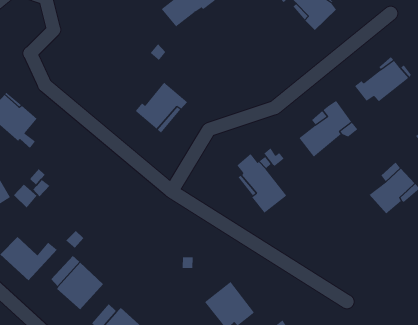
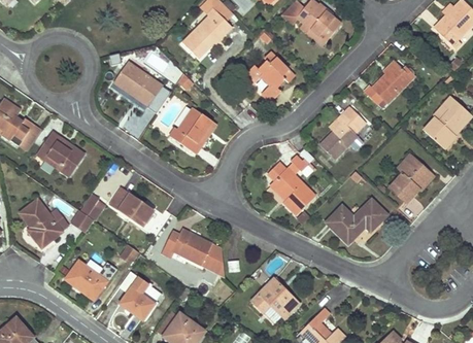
building: none -> [114,57,162,105]
building: none -> [244,52,294,101]
building: none -> [110,188,153,226]
building: none -> [326,199,386,241]
building: none -> [161,228,225,277]

